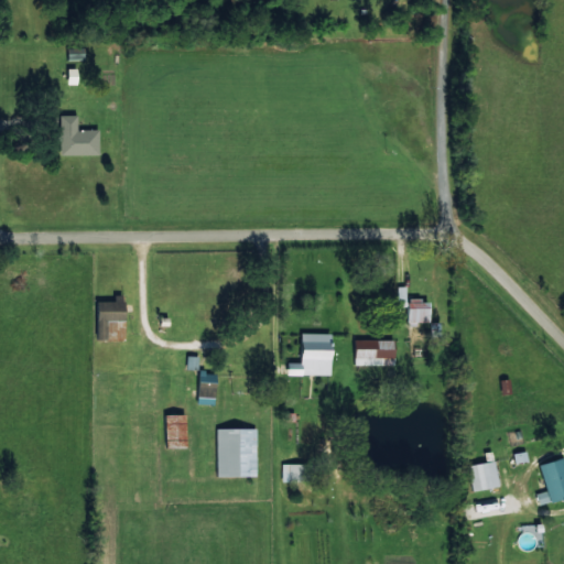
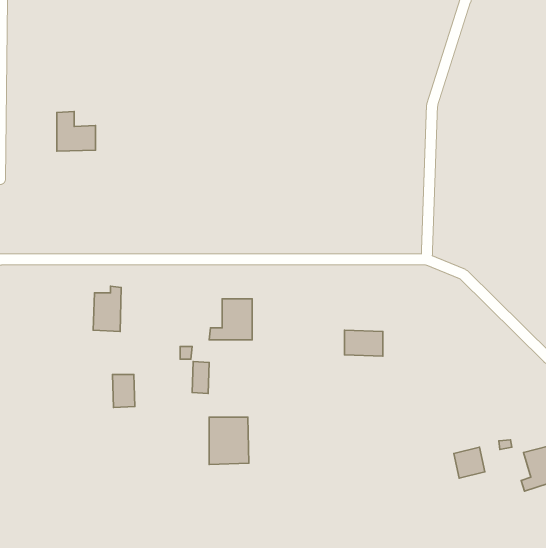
building: [410,300,431,323] -> none
building: [289,333,333,375] -> [209,299,252,340]
building: [165,414,188,448] -> [112,374,135,408]
building: [282,464,308,481] -> none

